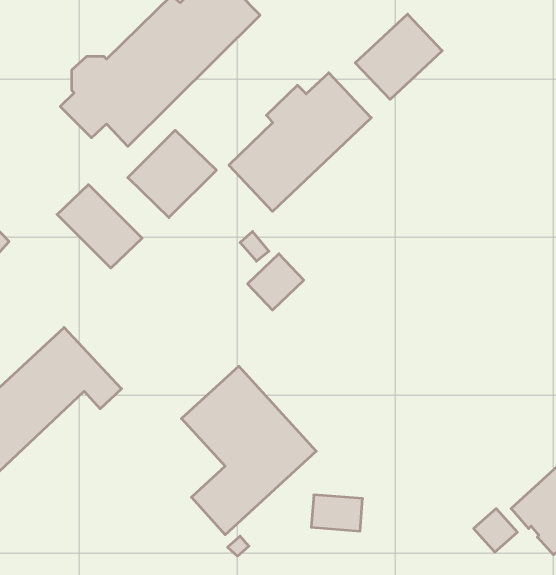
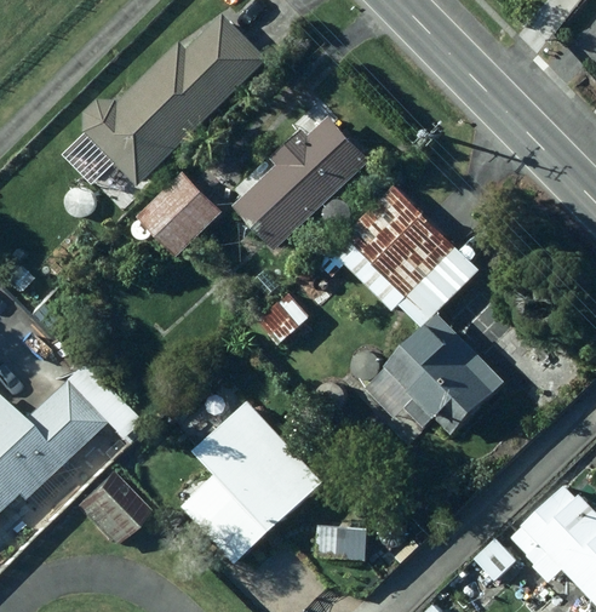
building: [355,14,442,99] -> none
building: none -> [315,183,504,445]
building: [57,185,142,268] -> none
building: none -> [67,473,139,545]

